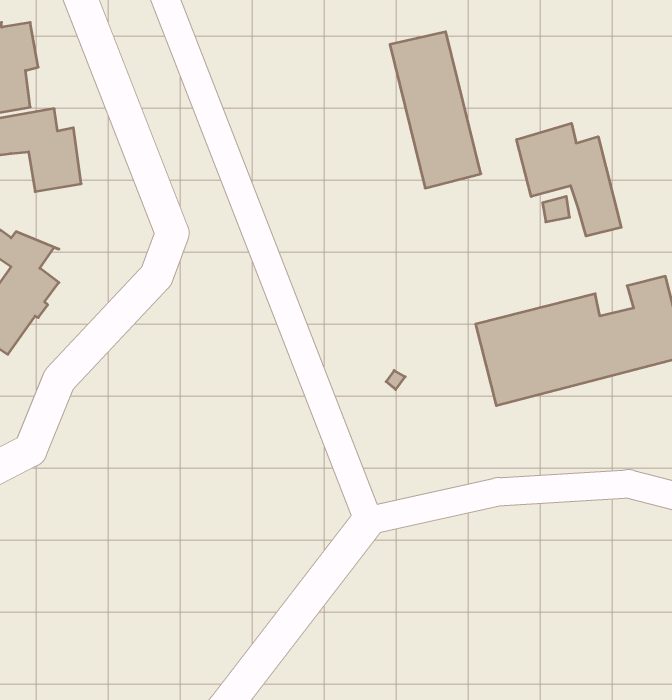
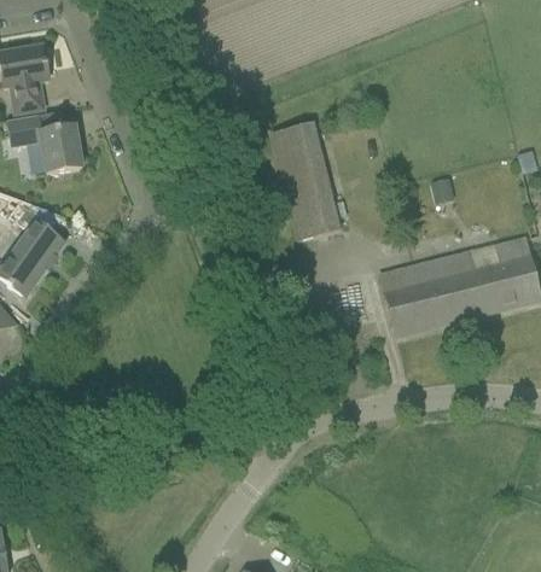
building: [390,32,481,188] -> [270,122,339,240]
building: [517,123,621,236] -> none

